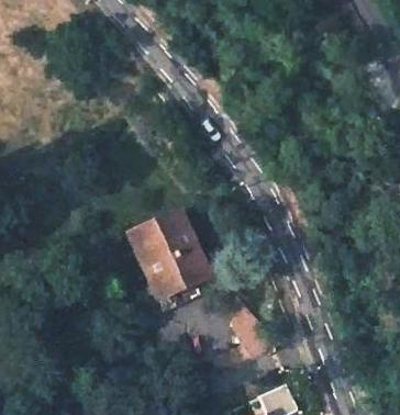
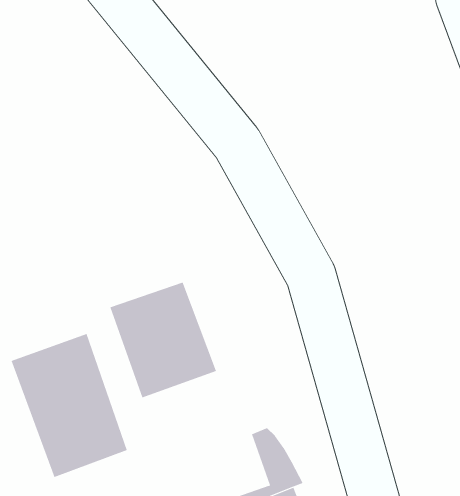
building: none -> [11,333,128,478]

